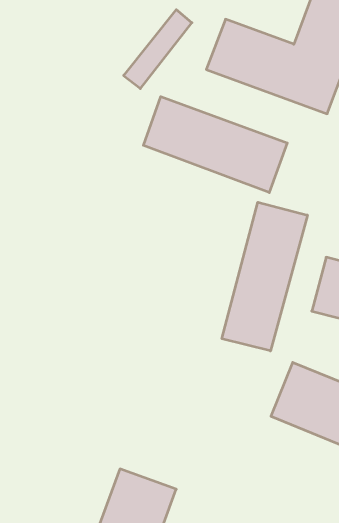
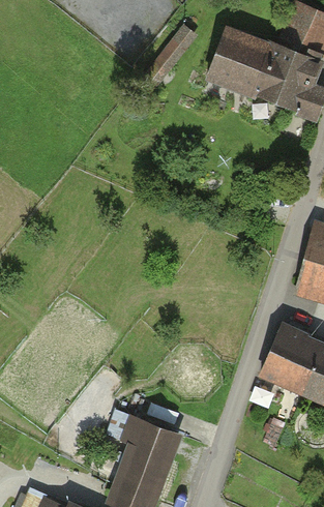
building: [143,97,287,193] -> none
building: [222,202,307,351] -> none

